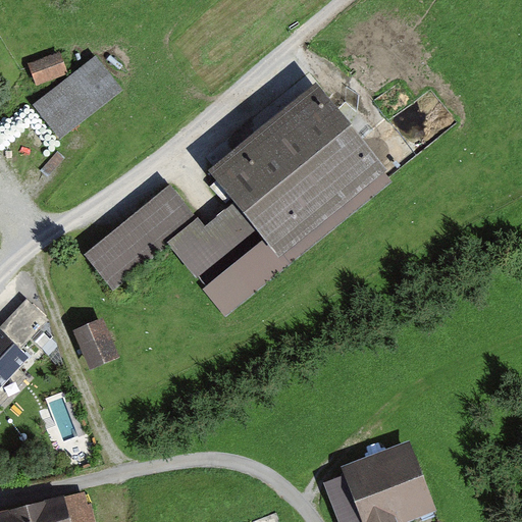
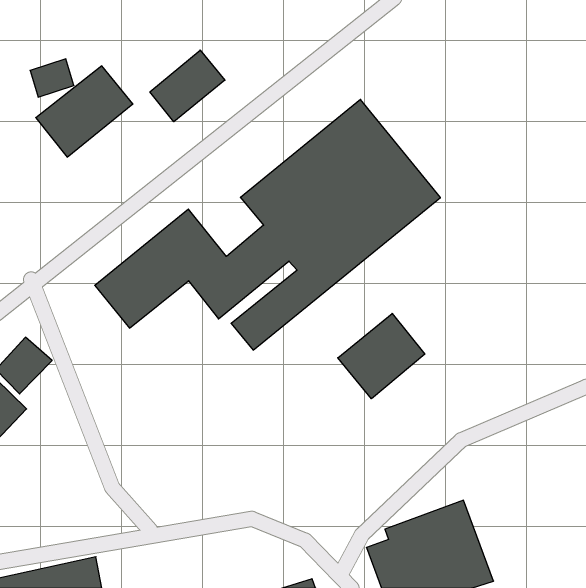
building: none -> [150,50,225,122]
building: none -> [338,313,425,399]
building: [71,318,118,368] -> none

